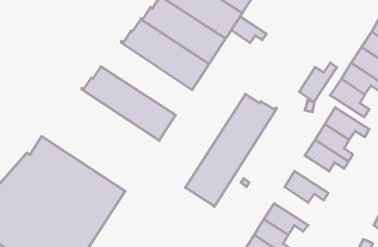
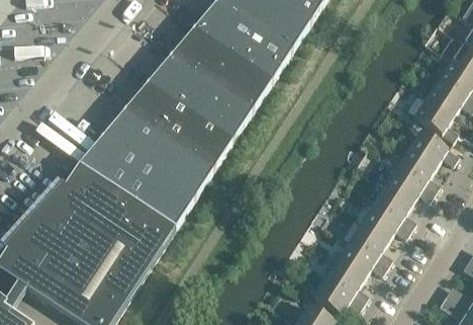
building: [231,17,266,43] -> none
building: none -> [148,53,254,138]
building: [299,63,337,102] -> none
building: none -> [79,107,215,226]
building: [185,94,276,207] -> none
building: none -> [372,184,416,228]
building: none -> [349,221,393,265]

